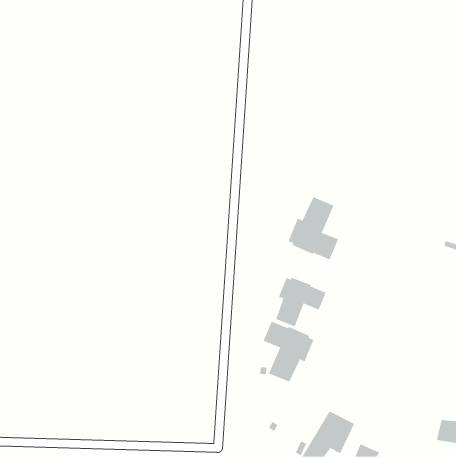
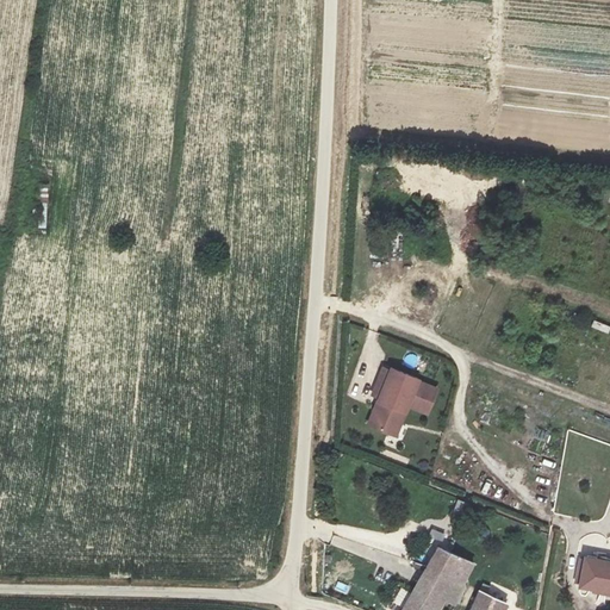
building: [288,197,339,260] -> none
building: [263,321,314,383] -> none

